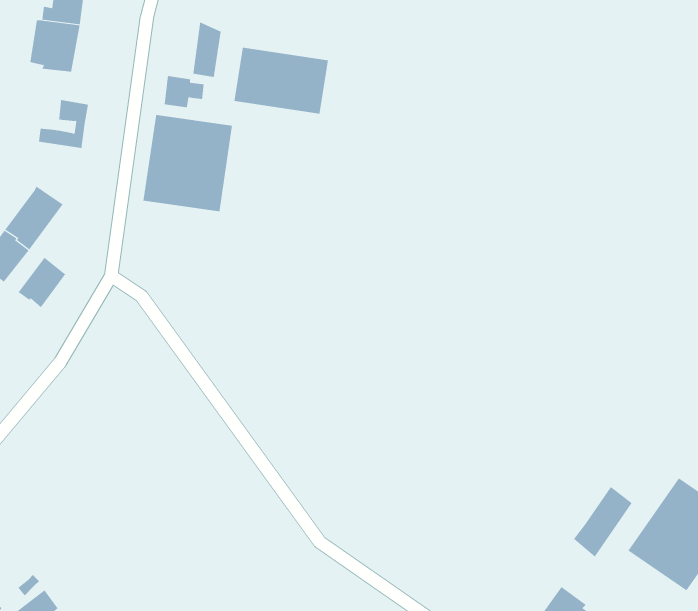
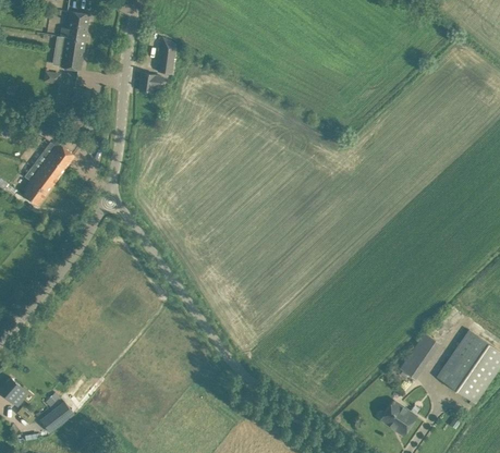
building: [234,47,329,114] -> none
building: [143,114,233,212] -> none
building: [18,257,66,308] -> none

